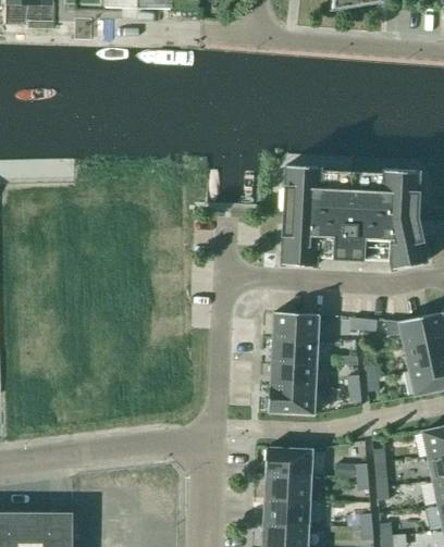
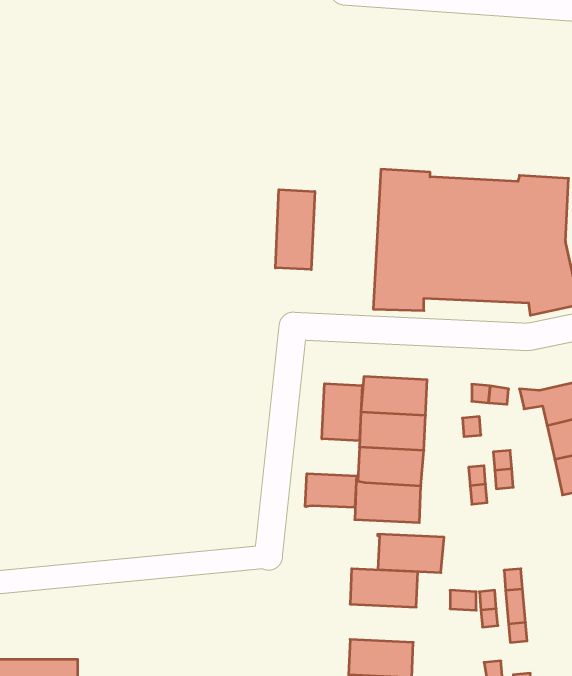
building: none -> [275,190,315,270]
building: none -> [322,384,362,441]
building: none -> [305,474,357,507]
building: [264,473,311,500] -> [378,534,444,573]

